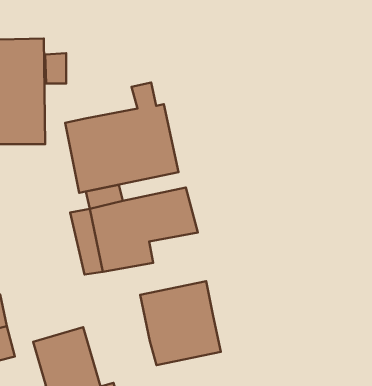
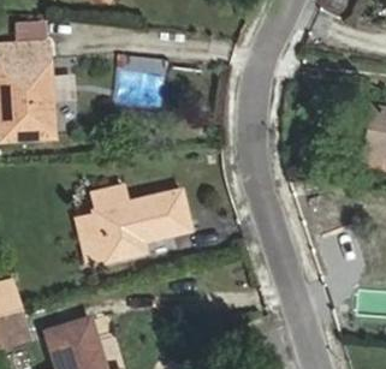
building: [65,83,179,193] -> none
building: [140,281,221,365] -> none

